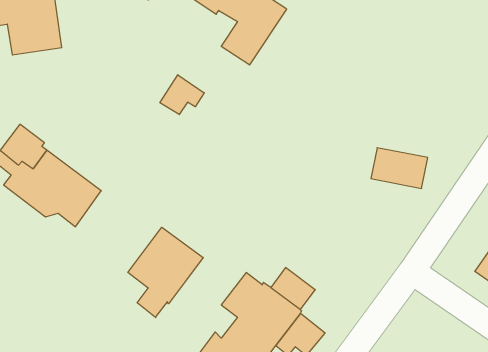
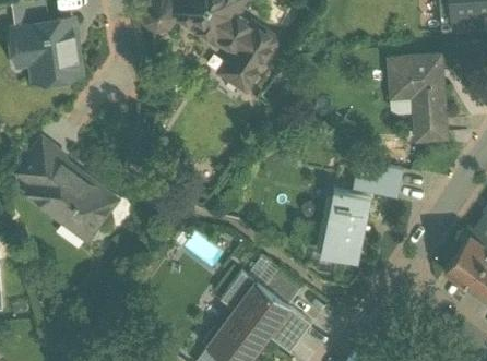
building: none -> [388,57,446,142]
building: [160,75,204,115] -> none
building: none -> [320,191,370,264]
building: [128,227,203,318] -> none

